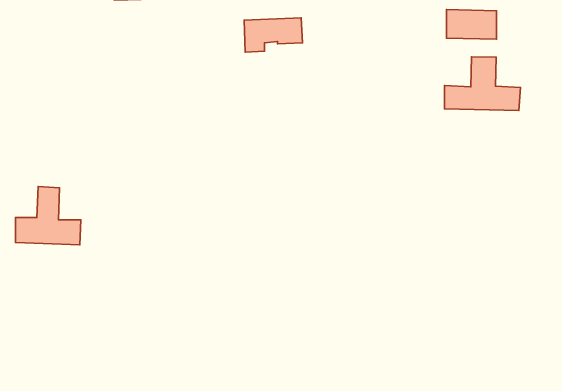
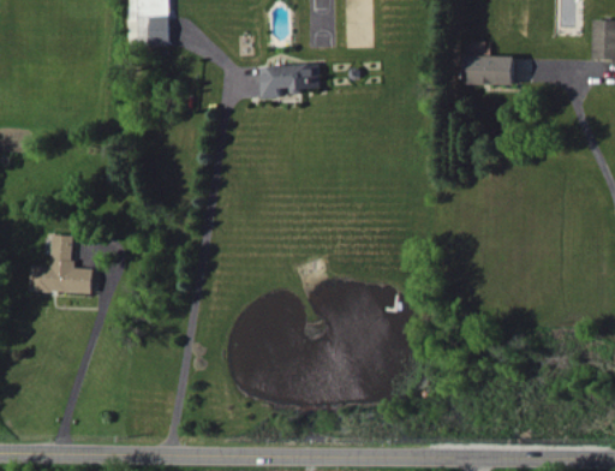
building: [444,57,520,111] -> none

